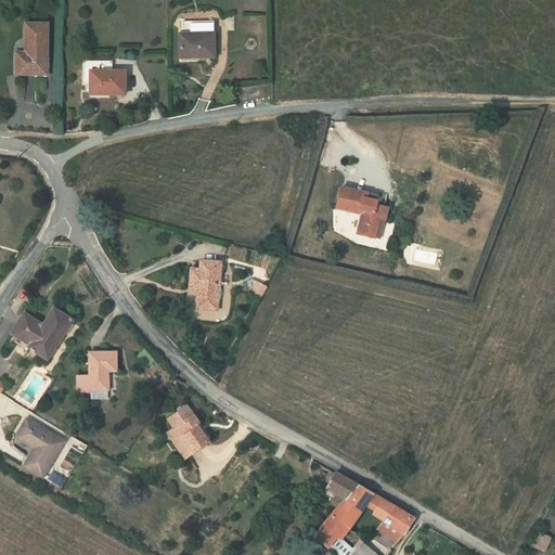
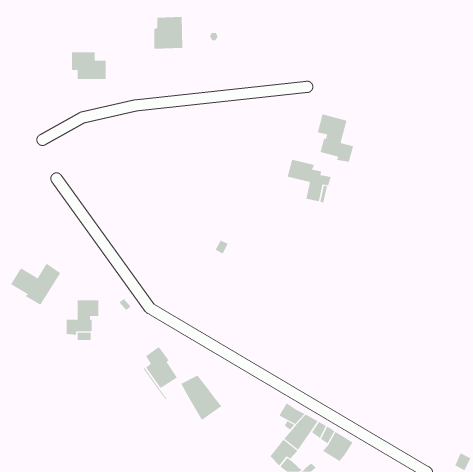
building: [16,23,48,74] -> none
building: none -> [317,114,354,163]
building: [190,260,221,309] -> none
building: [17,417,64,476] -> none
building: none -> [180,375,222,421]

